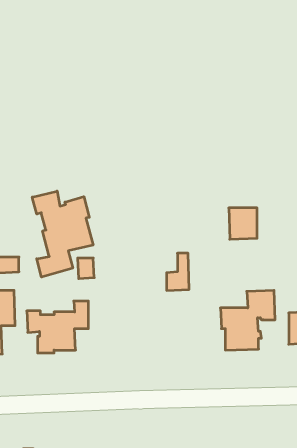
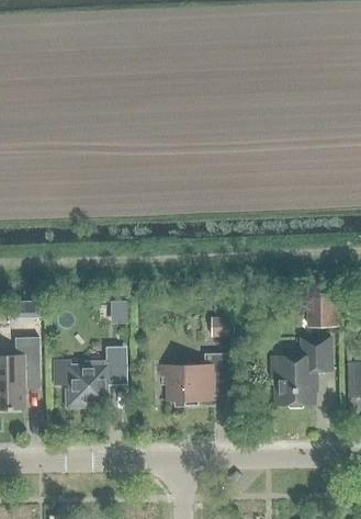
building: [32,191,93,277] -> none
building: [229,208,257,239] -> [306,293,338,328]
building: none -> [157,354,228,406]

